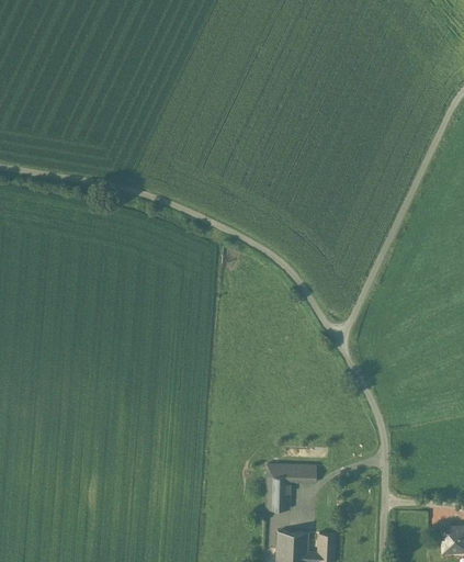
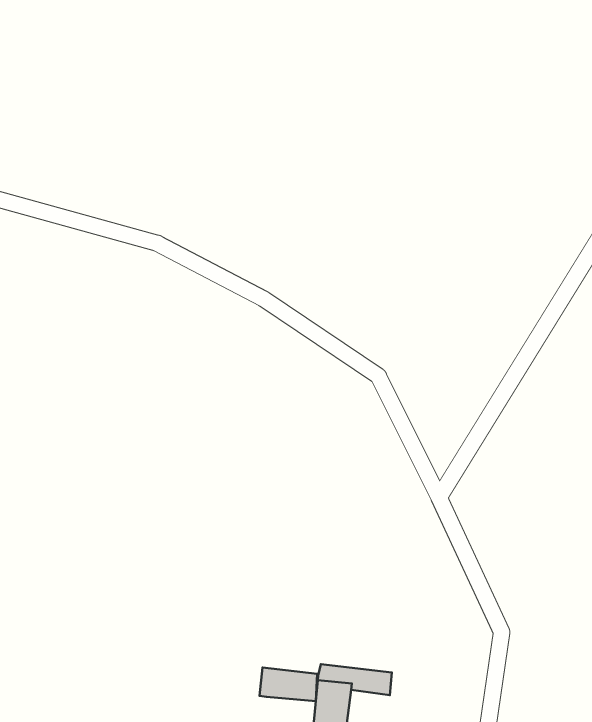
building: none -> [259,667,317,701]

